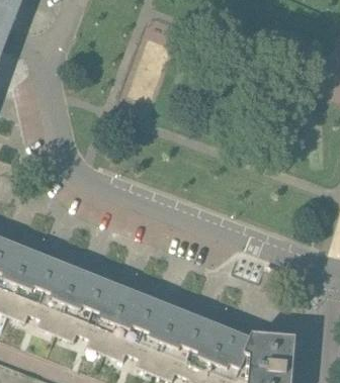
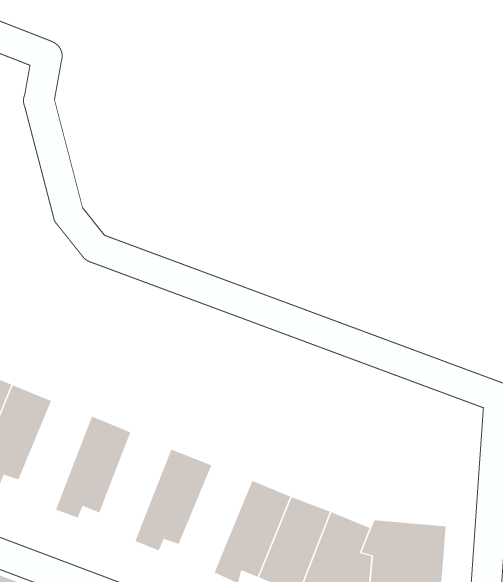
building: [35,258,80,324] -> none
building: [85,277,129,344] -> none
building: [134,297,178,363] -> none

